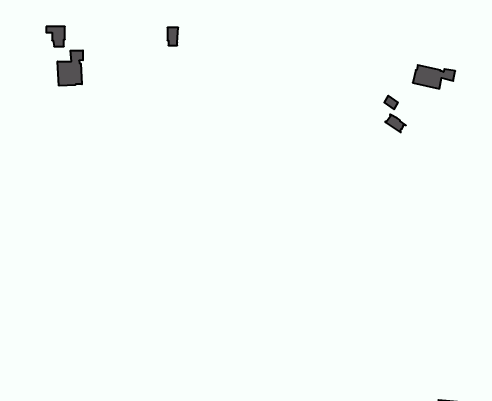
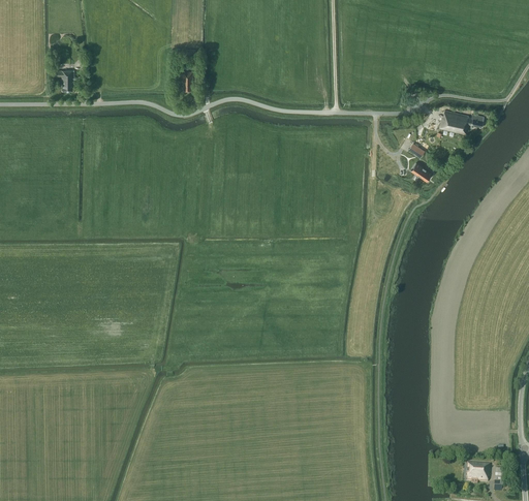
building: [58,50,83,86] -> none

